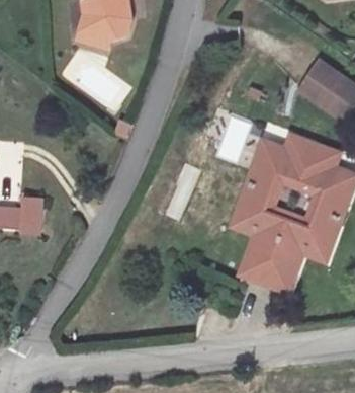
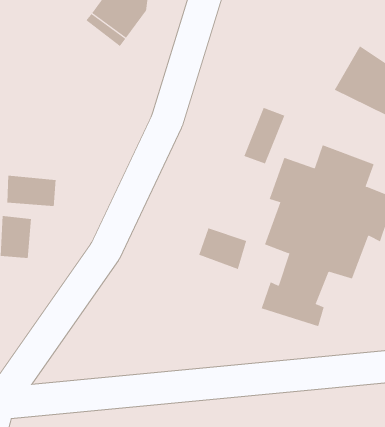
building: none -> [7,175,56,207]
building: none -> [199,227,247,270]

